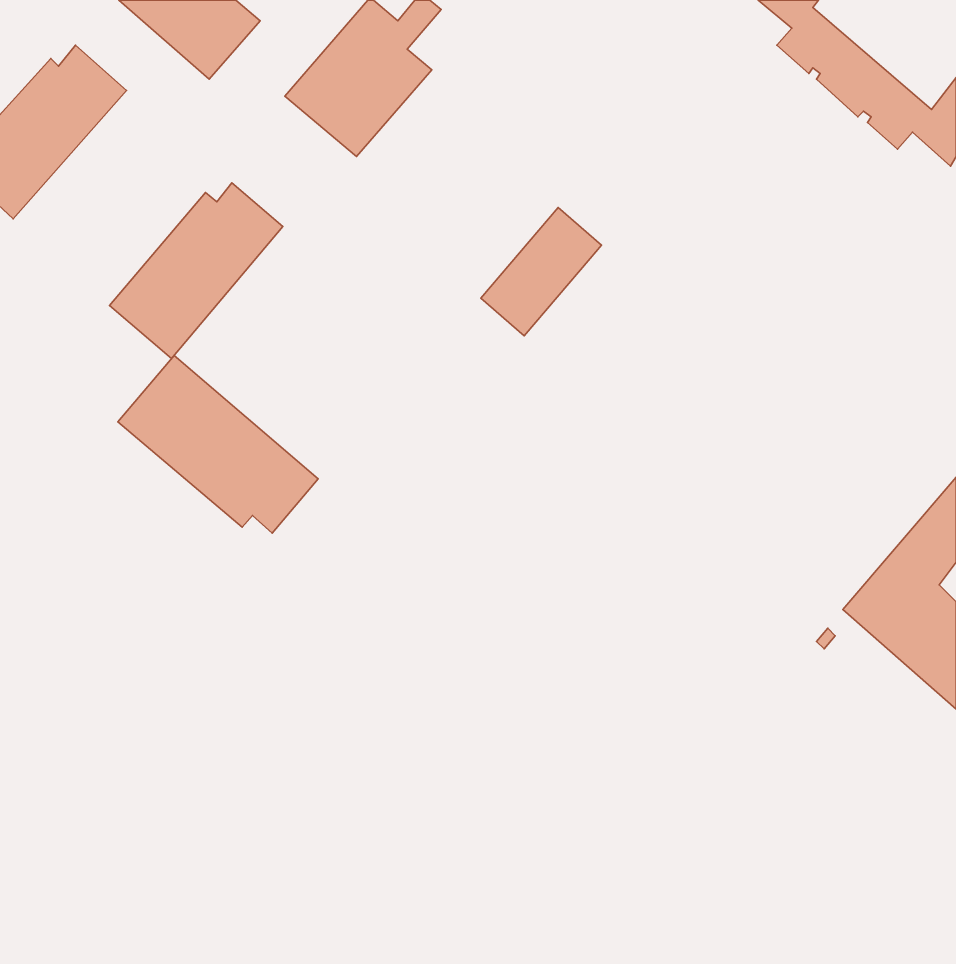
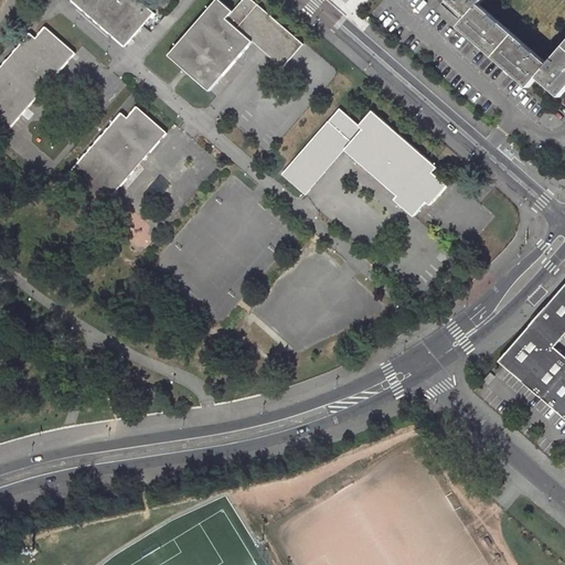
building: none -> [238,6,303,67]
building: none -> [327,108,449,217]
building: [118,356,318,533] -> none

